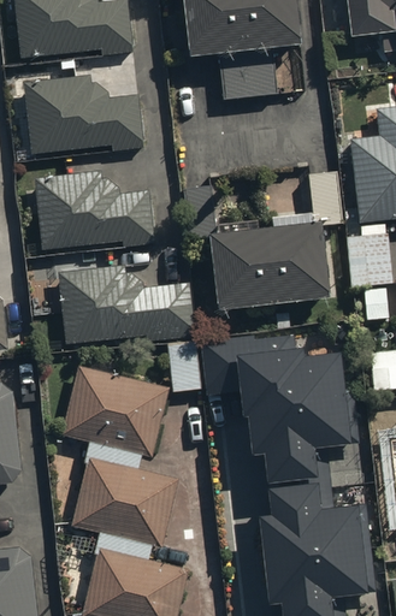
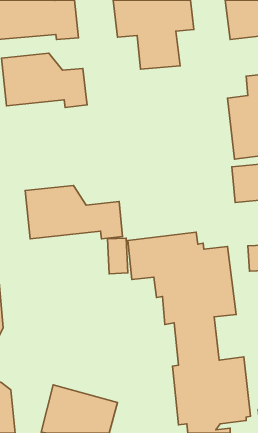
building: [29,172,153,247] -> none
building: [209,218,325,304] -> none
building: [60,363,170,457] -> none
building: [70,457,177,547] -> none

